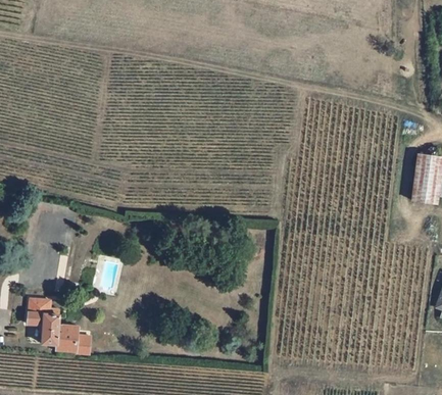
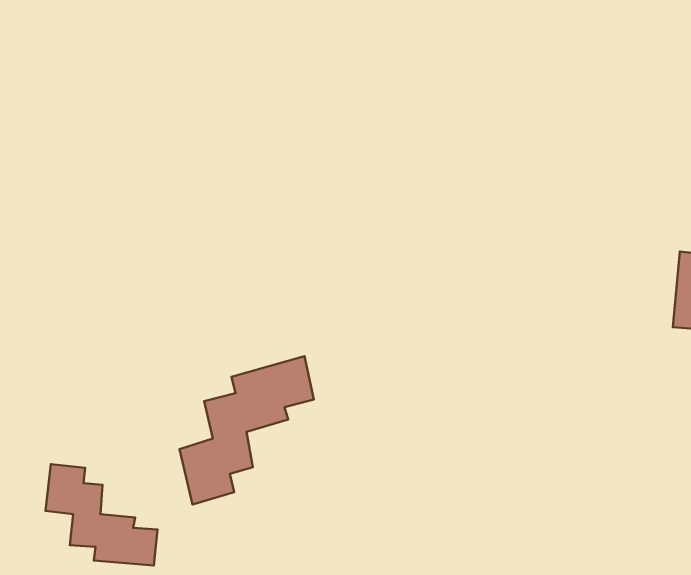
building: none -> [180,356,314,505]

